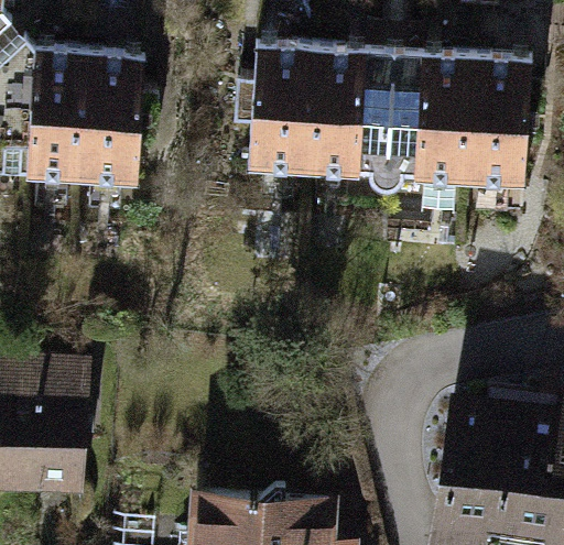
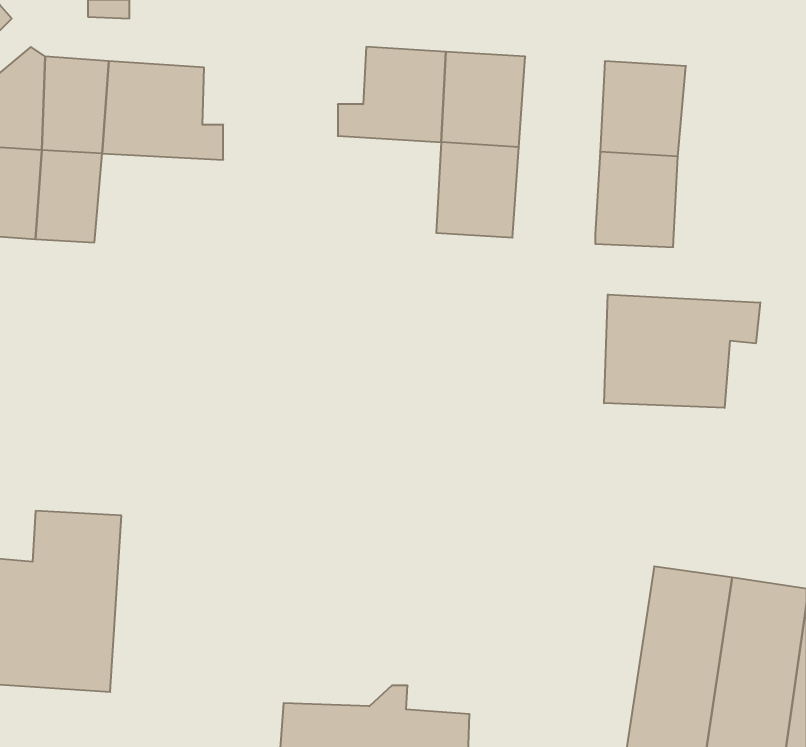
building: [359,52,422,192] -> none
building: [469,58,532,187] -> none
building: [236,107,308,174] -> none
building: [68,119,158,185] -> none
building: none -> [604,294,760,408]

